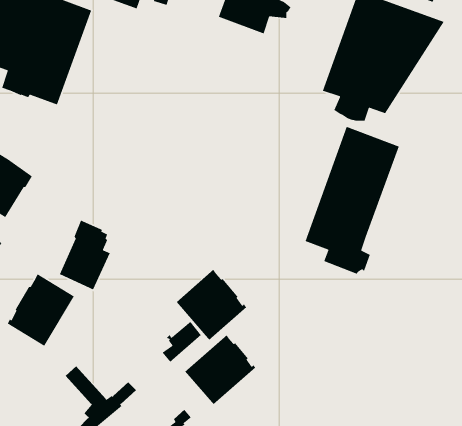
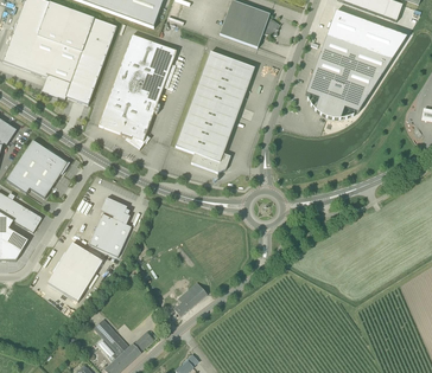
building: none -> [99,33,176,148]
building: [304,126,400,275] -> [176,50,254,172]
building: [176,269,247,341] -> none
building: [184,334,256,405] -> none

